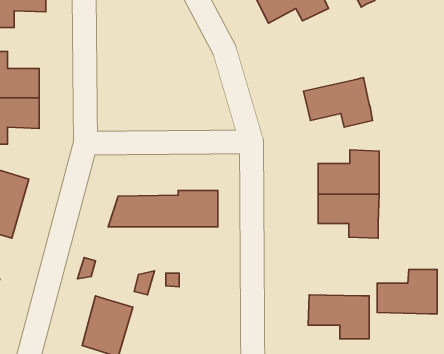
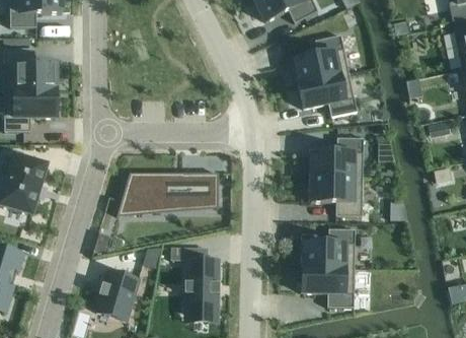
building: none -> [291,33,350,83]
building: [377,270,437,314] -> [301,227,355,267]
building: none -> [186,259,219,309]

